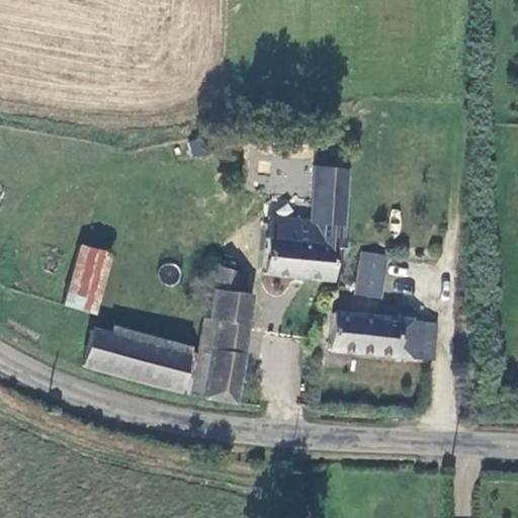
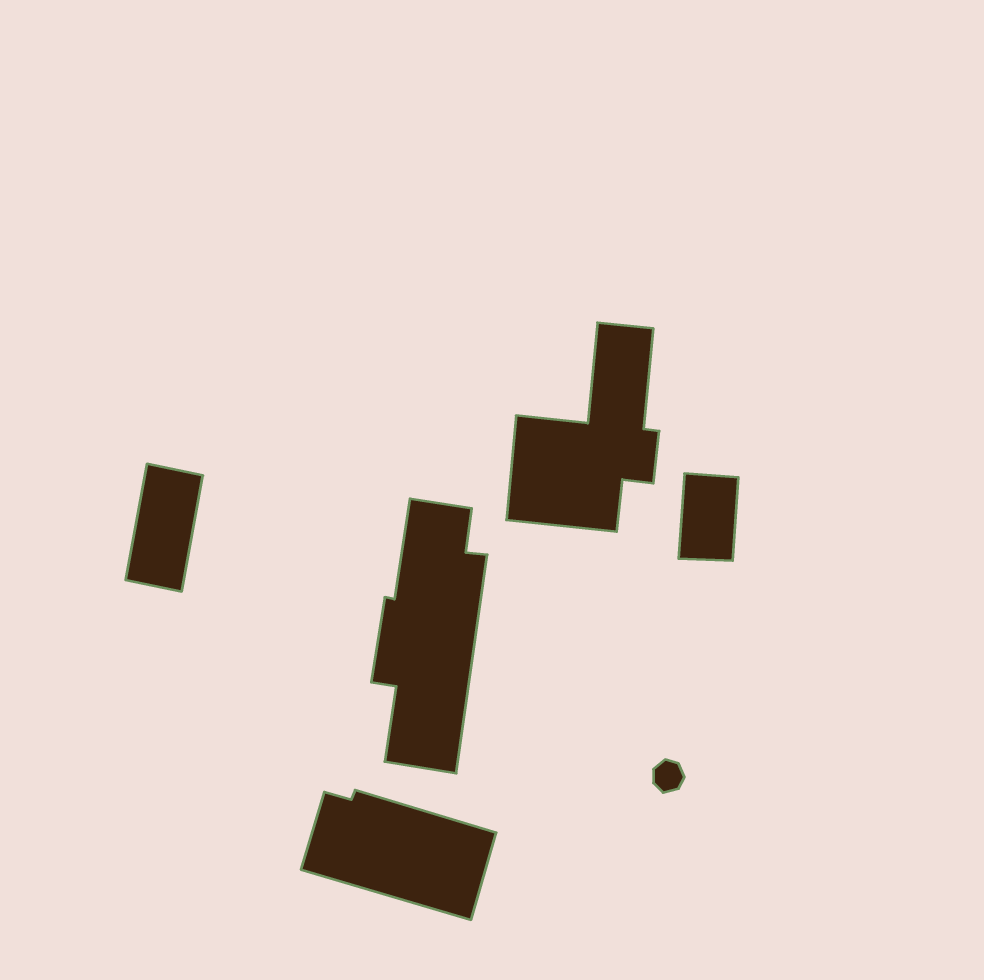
building: [336,314,434,357] -> none
building: [86,326,188,394] -> [301,790,496,920]

